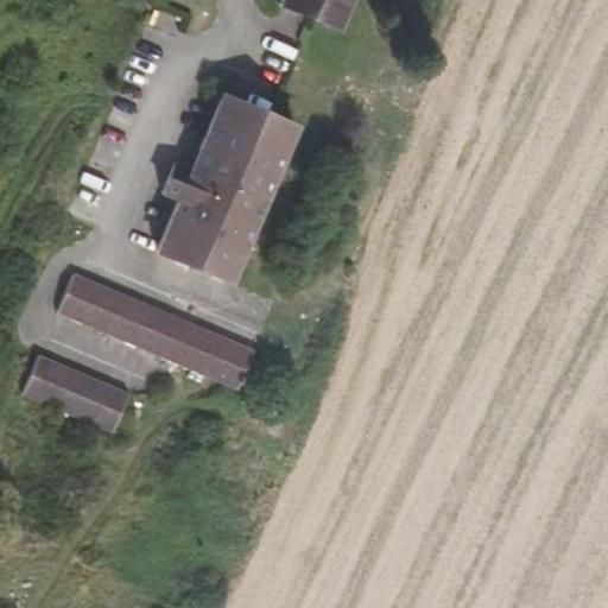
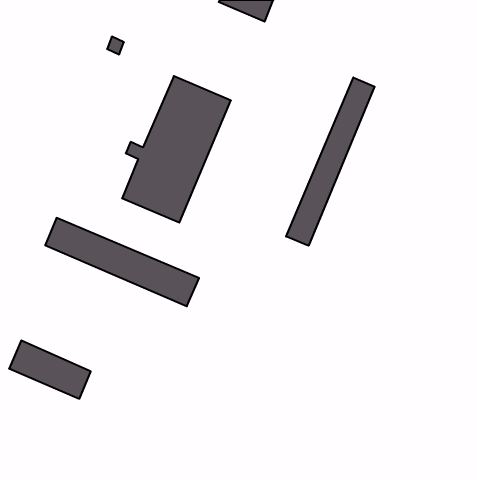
building: none -> [286,77,375,246]
building: [26,356,129,430] -> [9,340,91,399]

